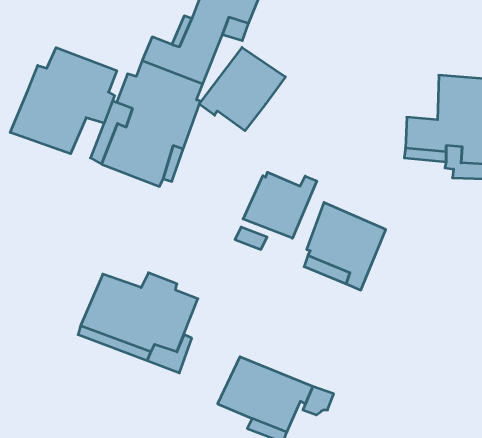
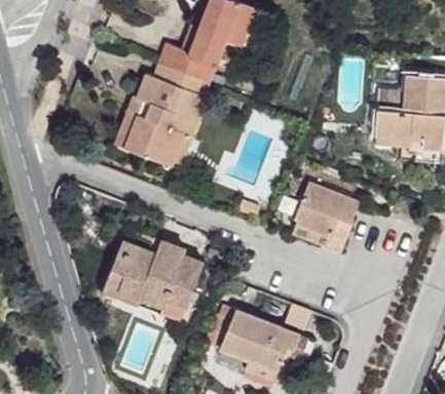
building: [199,47,285,131] -> none
building: [10,48,117,154] -> none
building: [243,172,317,238] -> none

